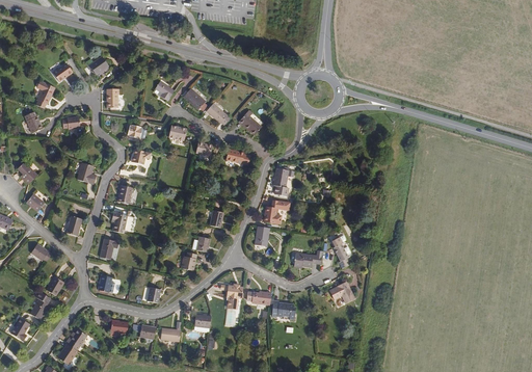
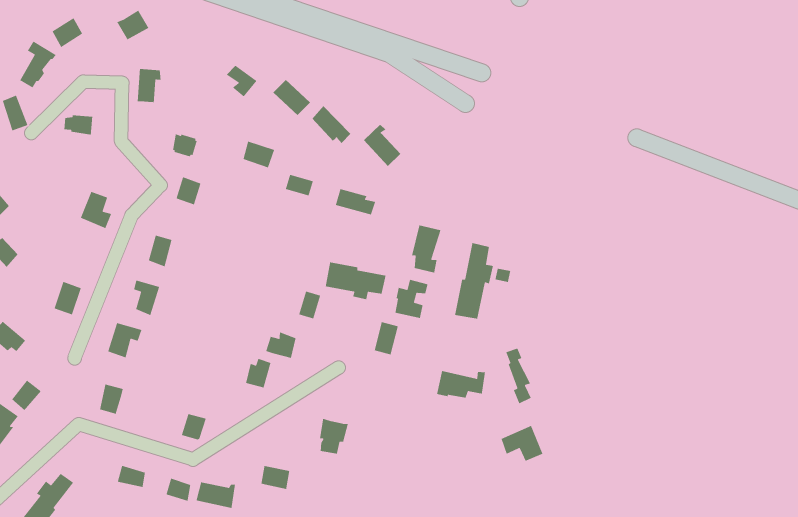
building: none -> [454,242,494,320]
building: none -> [325,261,387,300]
building: [254,291,295,318] -> none

